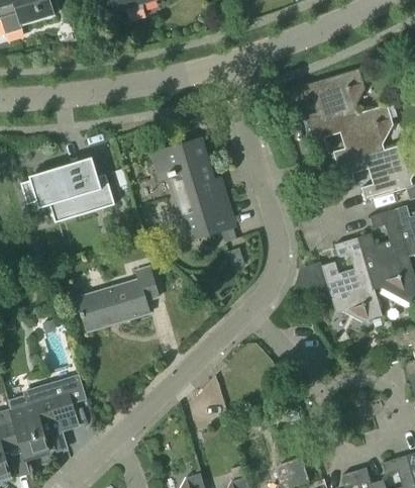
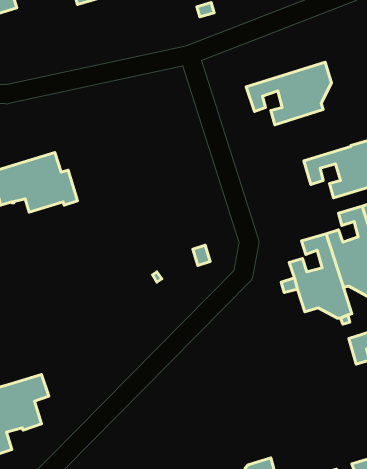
building: [308,106,391,166] -> none
building: [152,141,233,233] -> none
building: [77,268,159,332] -> none

